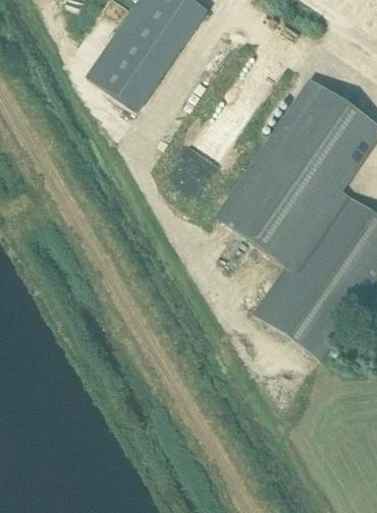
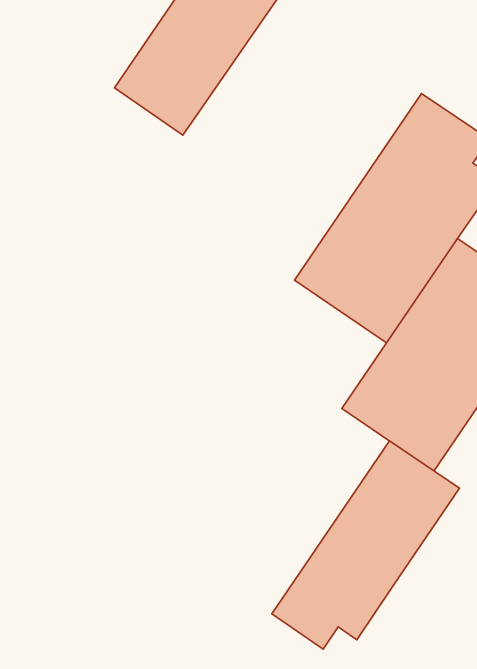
building: none -> [272,441,459,649]

